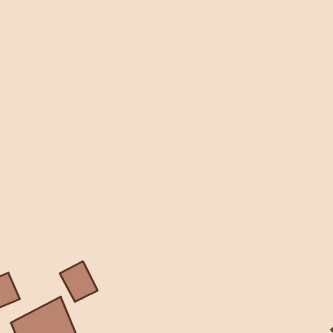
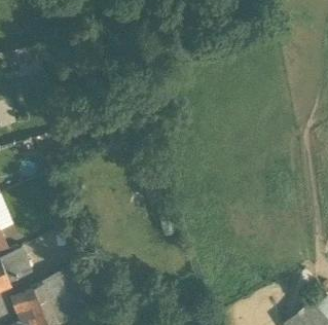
building: [60,261,97,302] -> none

